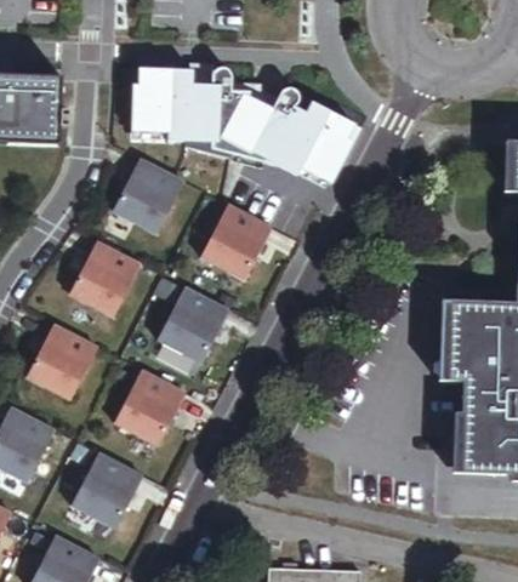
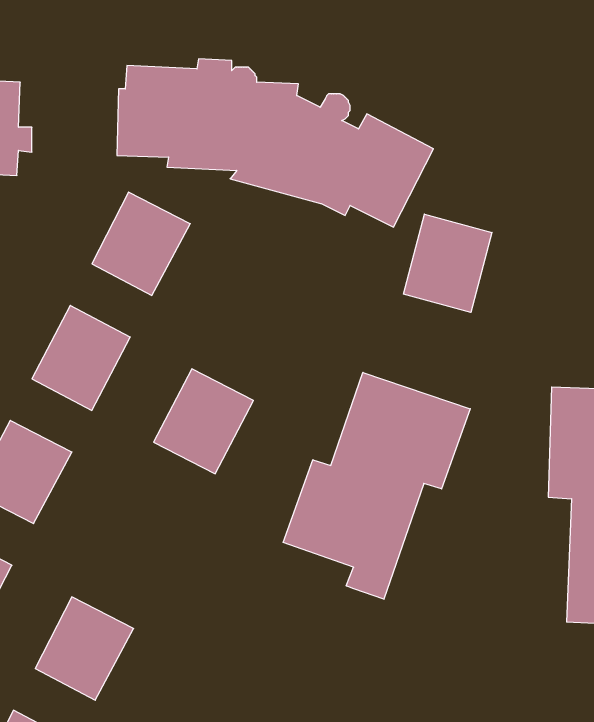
building: none -> [403,214,492,312]
building: [200,204,272,279] -> none
building: none -> [283,372,470,599]
building: [113,369,186,445] -> none

